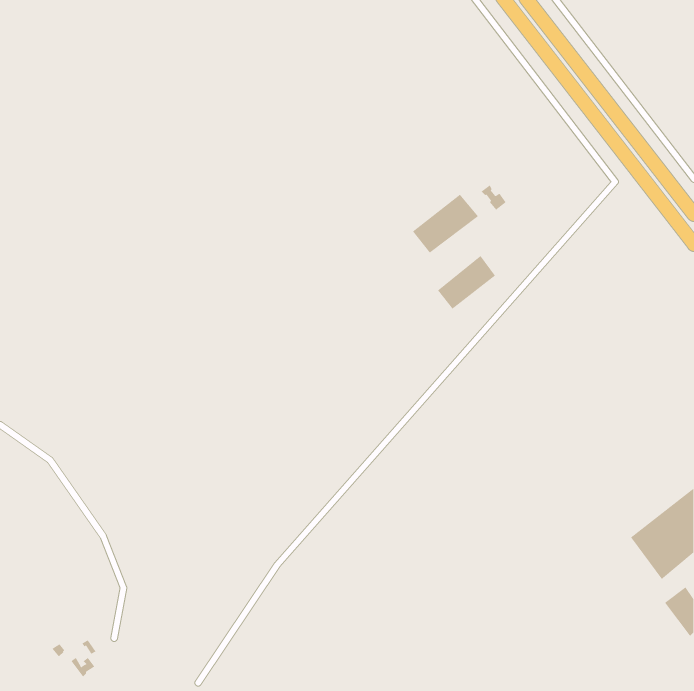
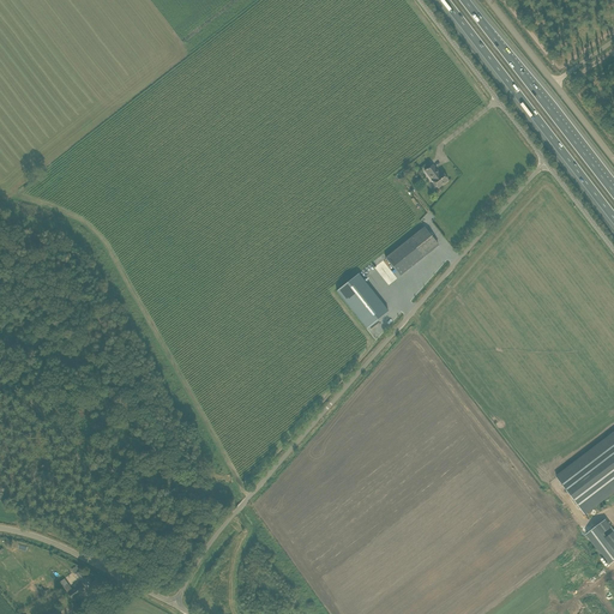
building: [412,194,479,254] -> none
building: none -> [337,272,389,326]

